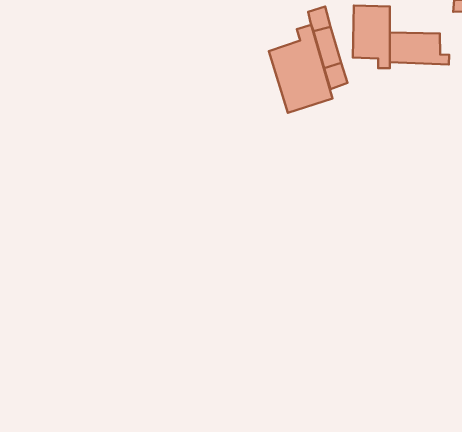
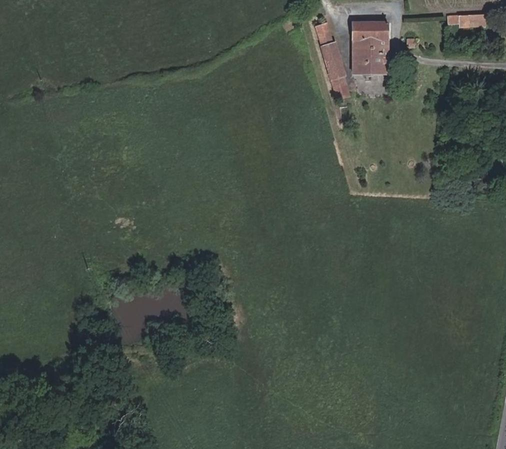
building: [269,25,332,113] -> none
building: [390,32,449,64] -> none

